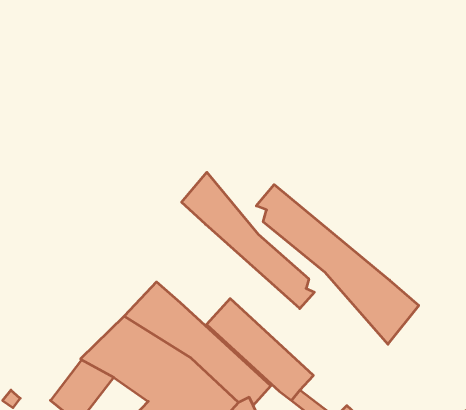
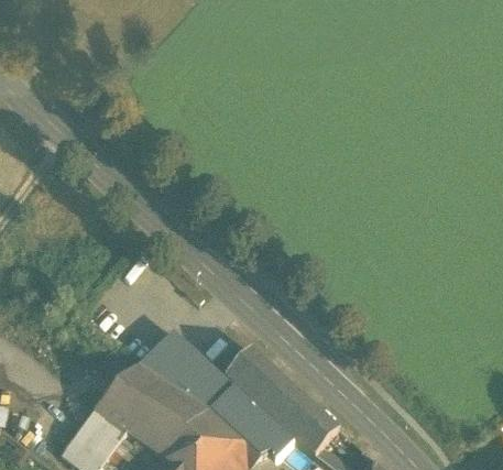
building: [182,172,314,309] -> none
building: [256,185,419,344] -> none

